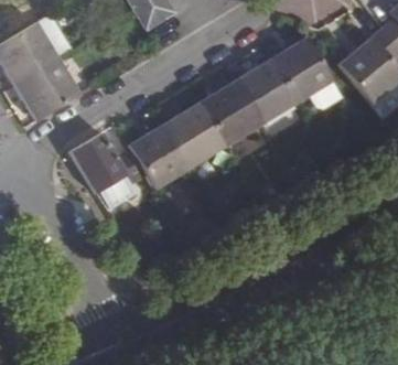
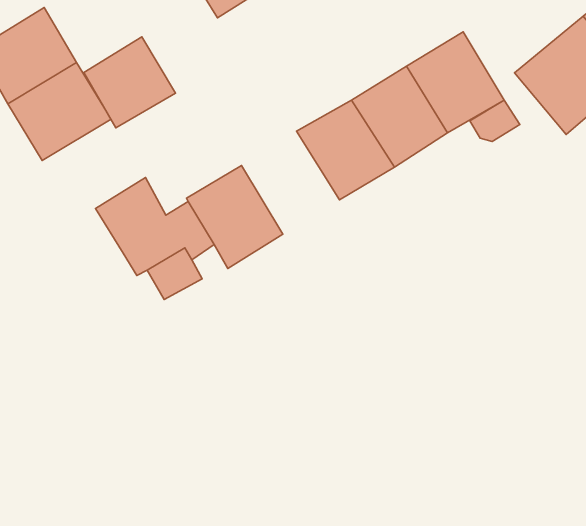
building: none -> [84,37,175,128]
building: [163,101,226,168] -> none

